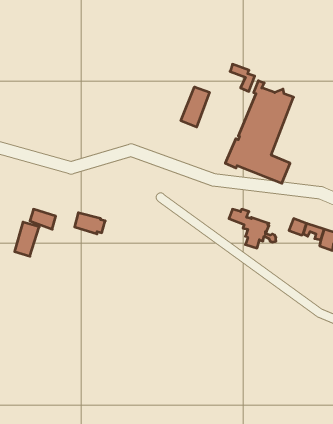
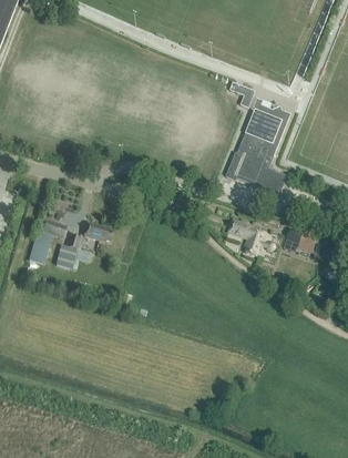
building: [181,87,209,127] -> none
building: none -> [54,235,79,269]

